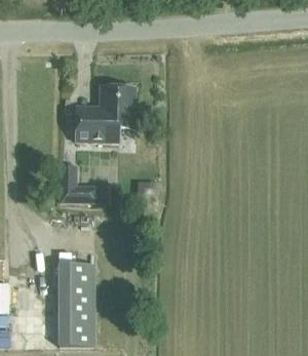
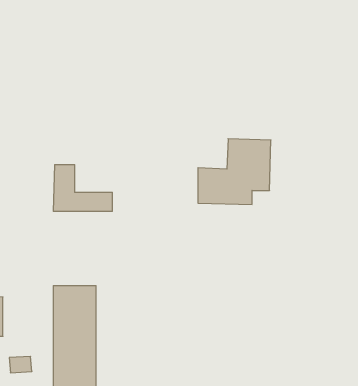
building: [77,85,137,139] -> [198,139,271,204]

